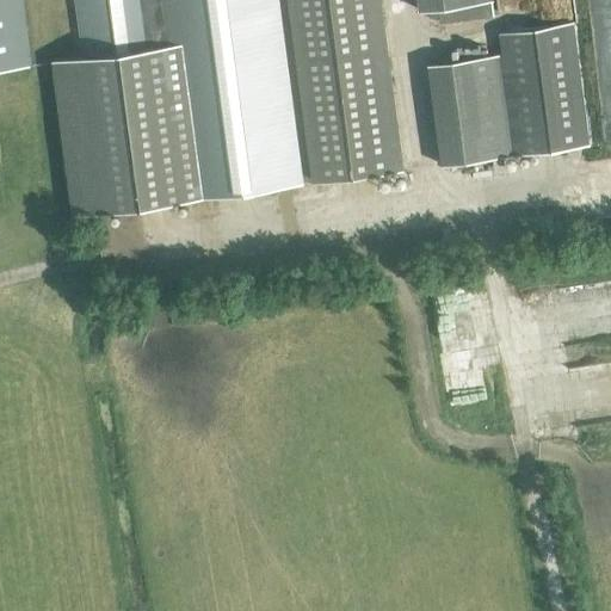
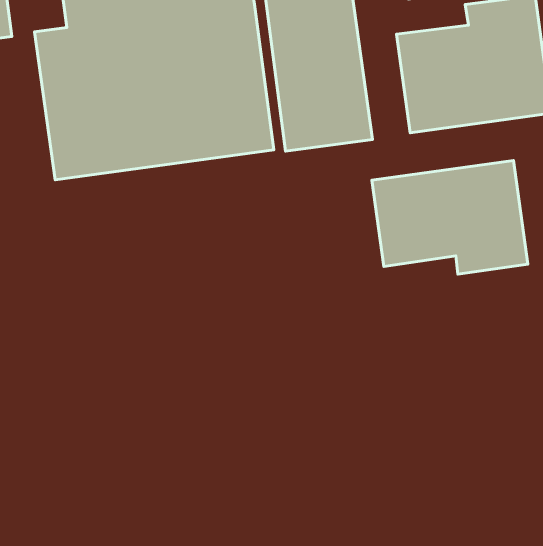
building: none -> [372,161,528,274]

